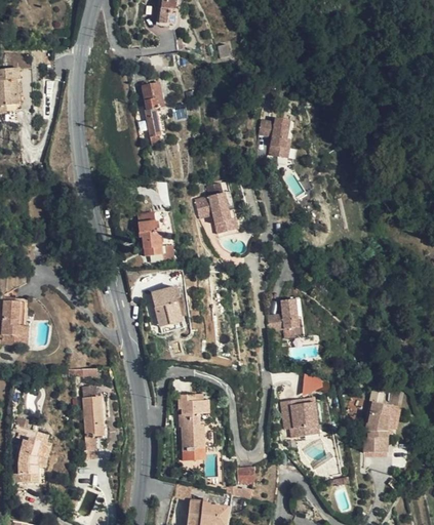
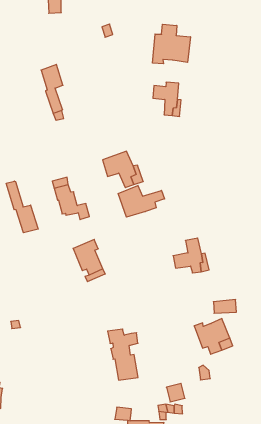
building: none -> [153,24,190,64]
building: none -> [6,181,38,233]
building: none -> [118,185,165,217]
building: [82,391,104,459] -> none

